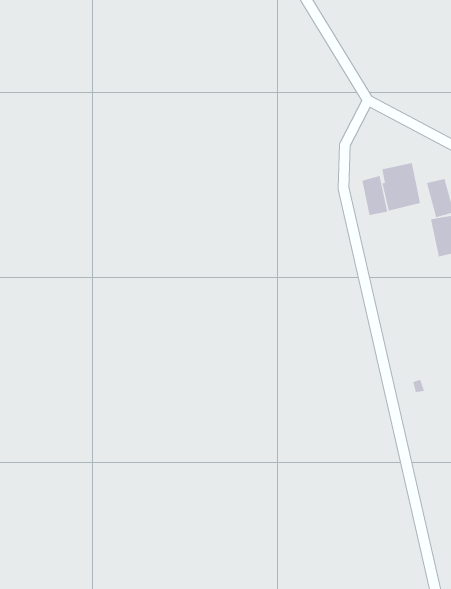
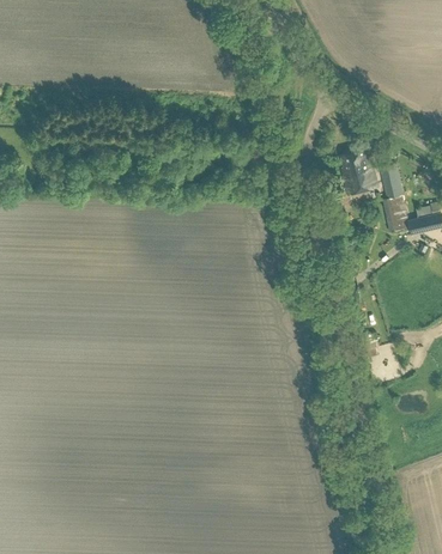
building: [362,175,388,216] -> none

